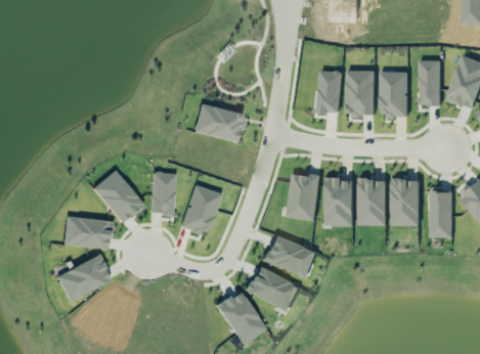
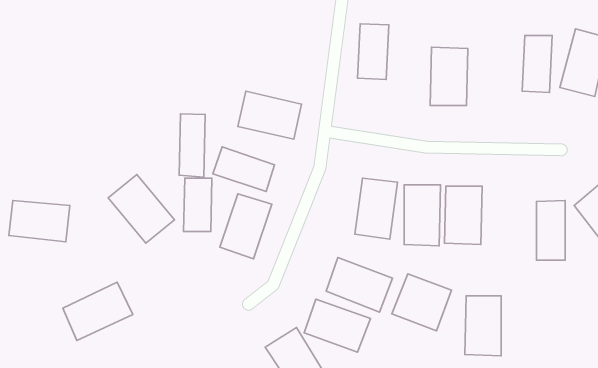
building: [316,70,341,114] -> [358,24,389,80]
building: [379,71,407,117] -> none
building: none -> [179,114,205,177]
building: none -> [213,147,274,191]
building: [390,179,419,226] -> [465,296,501,356]
building: [62,217,111,250] -> [9,200,70,242]
building: none -> [392,274,452,331]

